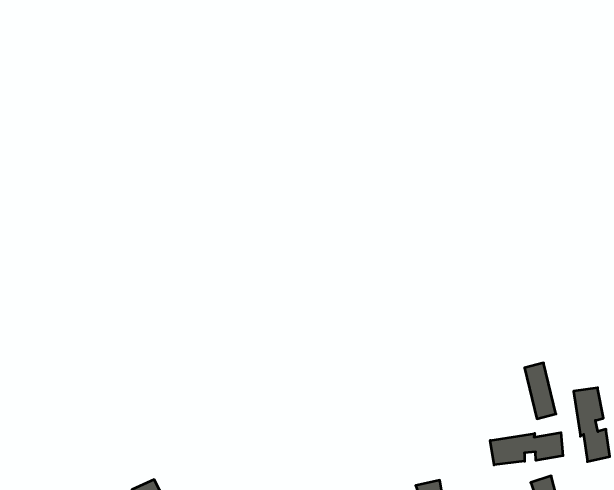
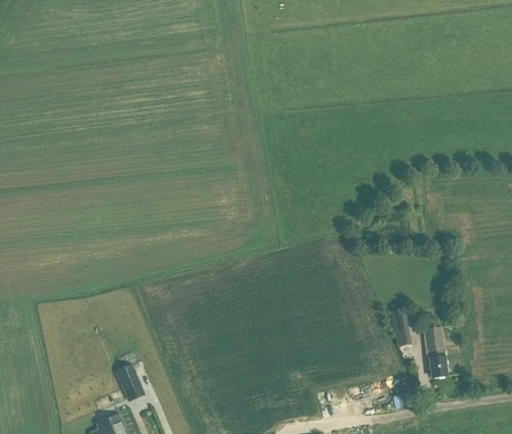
building: [490,433,563,465] -> none

